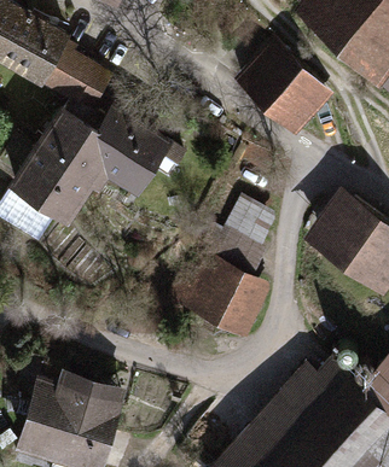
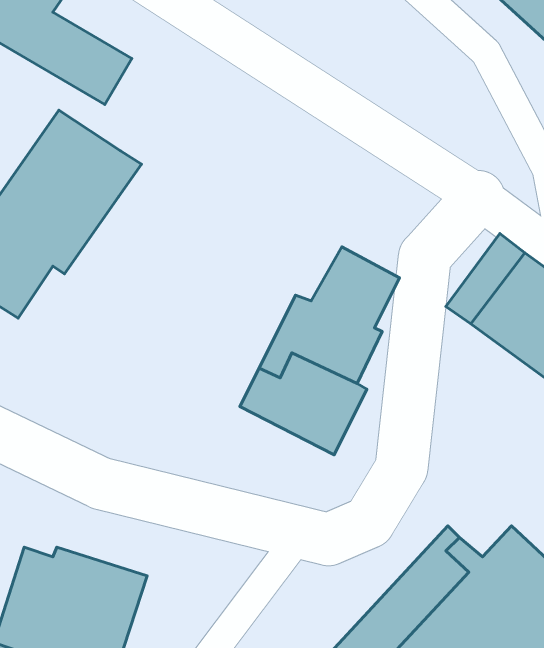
building: [243,47,324,128] -> none
building: [100,118,182,189] -> none

